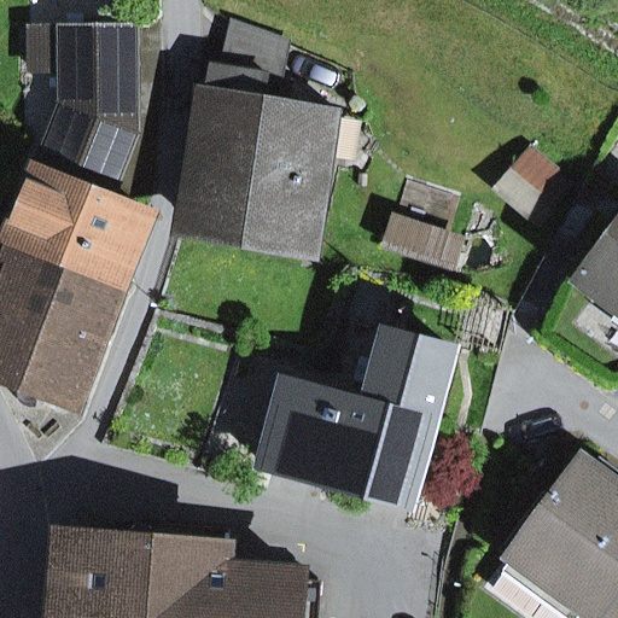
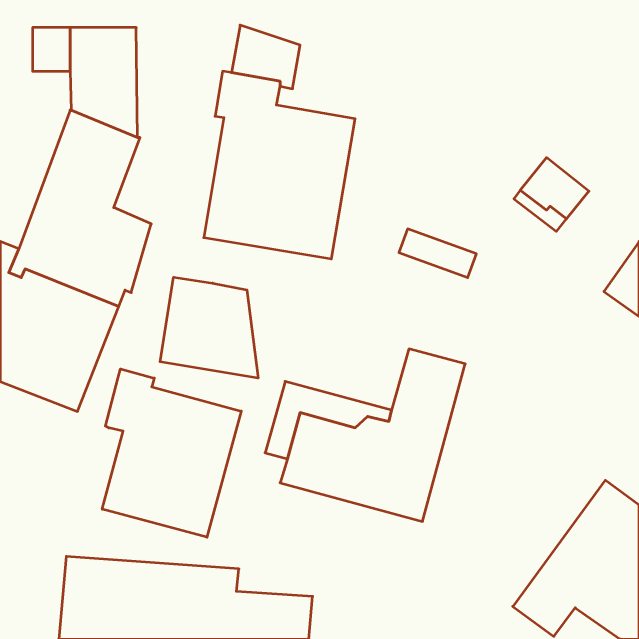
building: none -> [160,277,258,378]
building: none -> [102,369,241,537]

